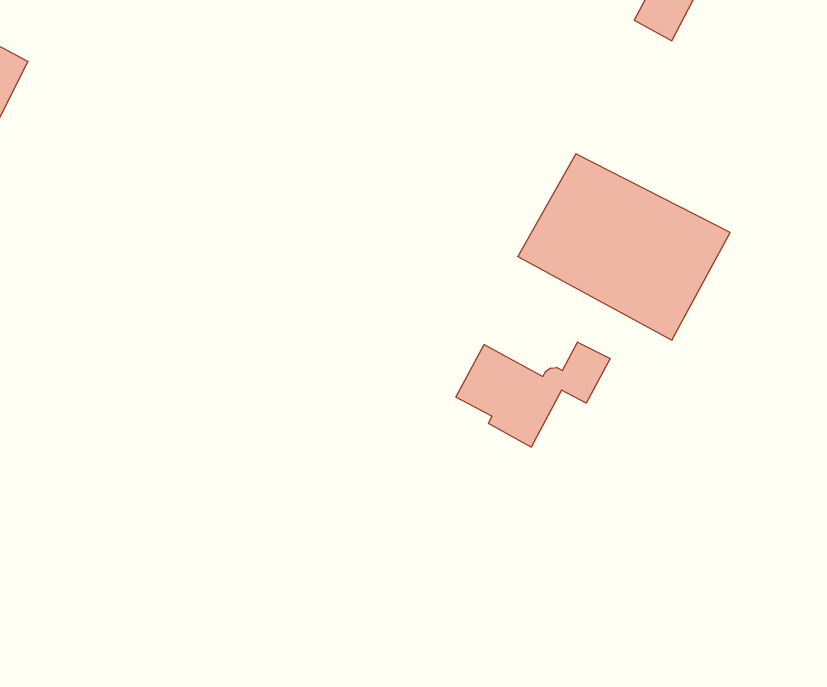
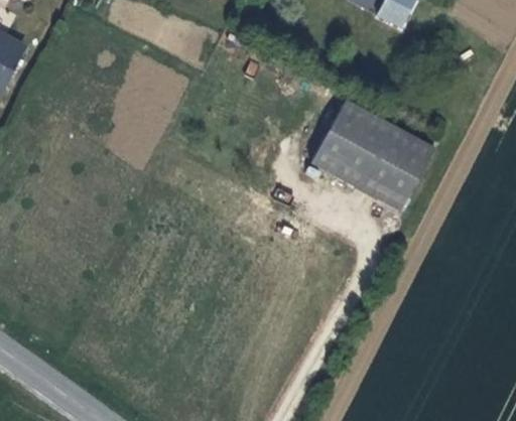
building: [456,342,610,447] -> none

